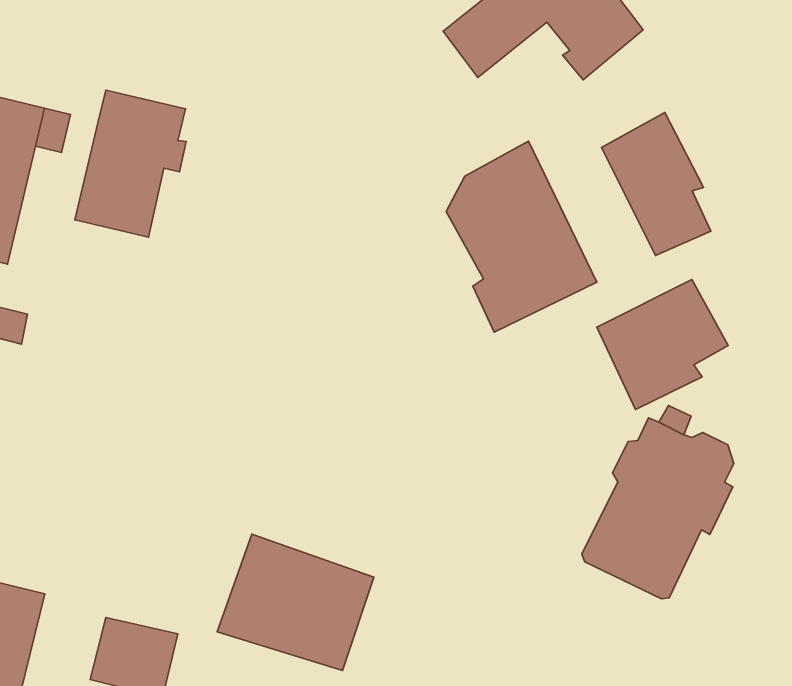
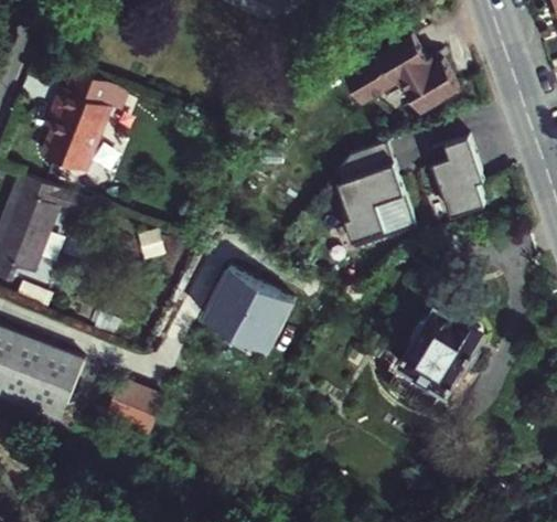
building: [75,90,186,237] -> none
building: [597,279,728,409] -> none
building: [217,534,374,671] -> [202,268,294,352]

